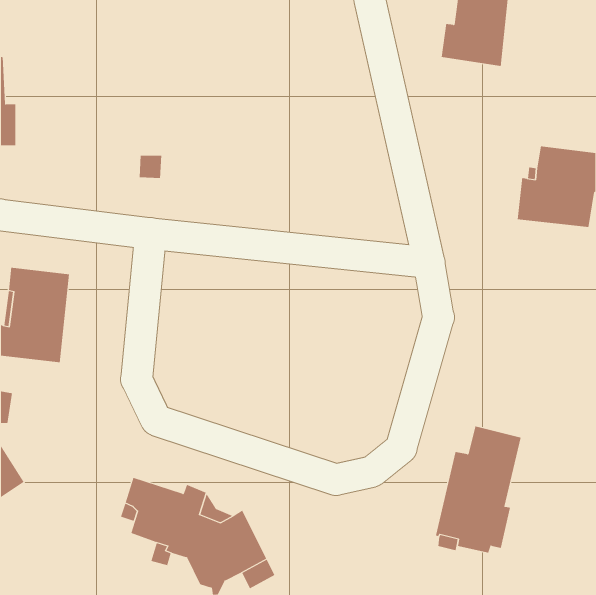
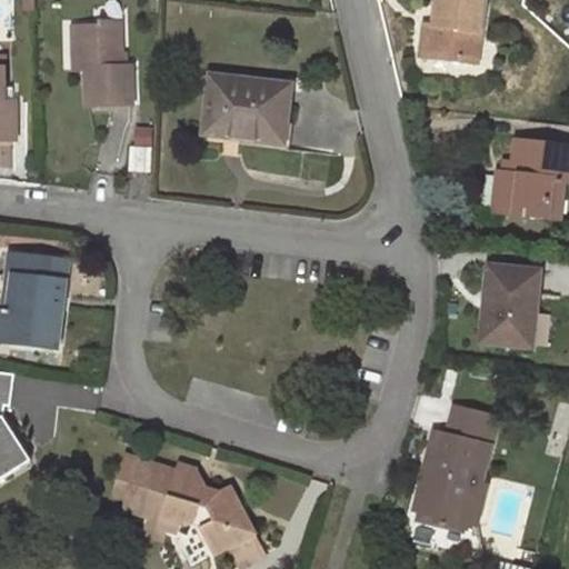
building: none -> [78,21,133,104]
building: none -> [208,74,290,141]
building: none -> [486,266,536,343]

